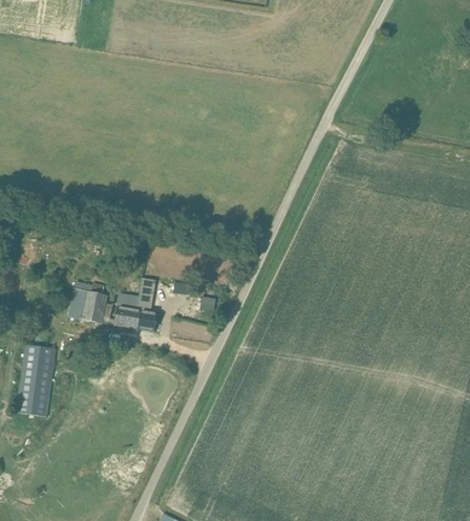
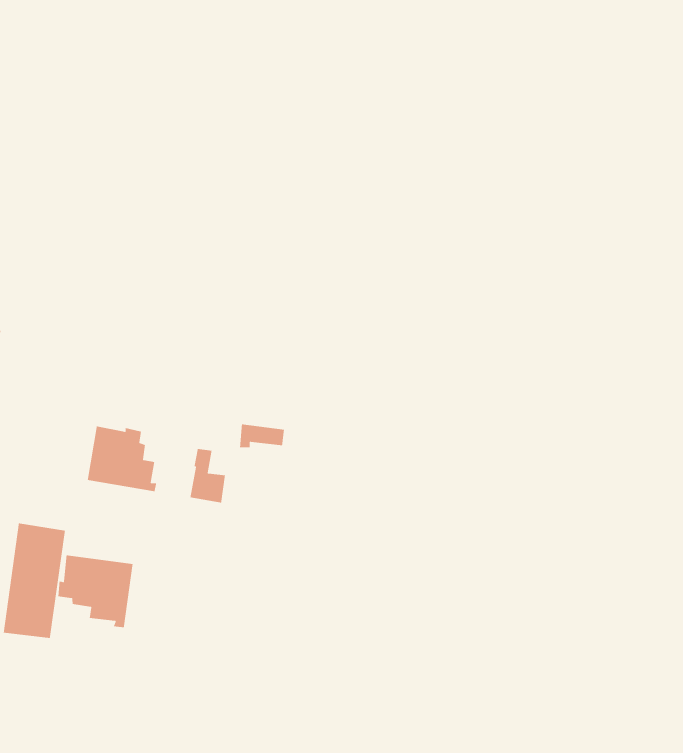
building: [114,294,139,329] -> none
building: none -> [58,554,134,628]

